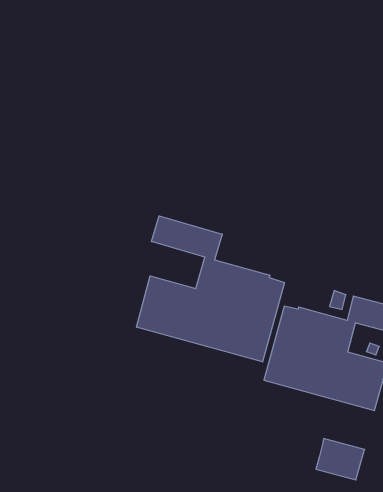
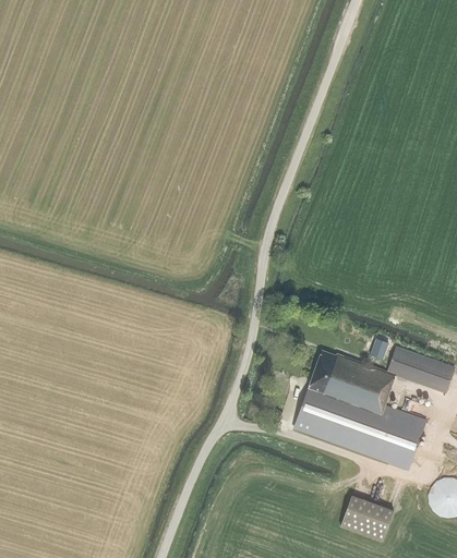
building: [137,216,284,362] -> none

